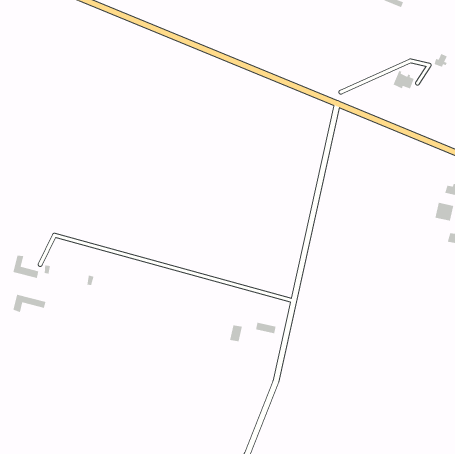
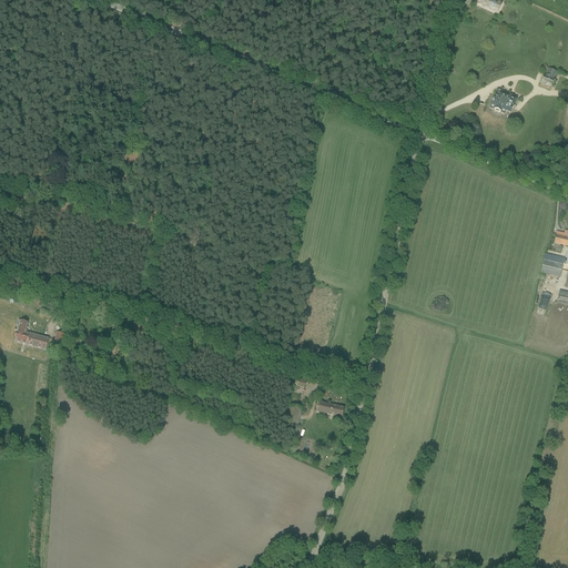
building: [12,294,46,313] -> none

